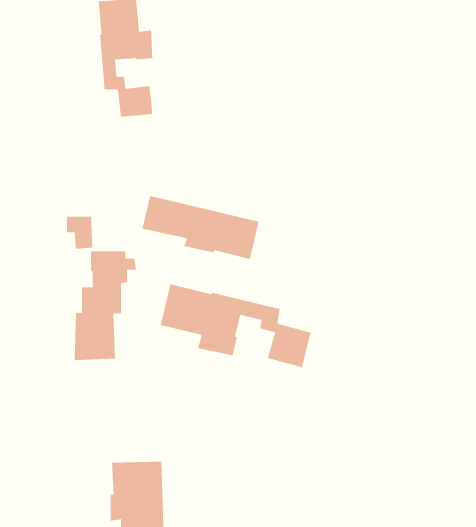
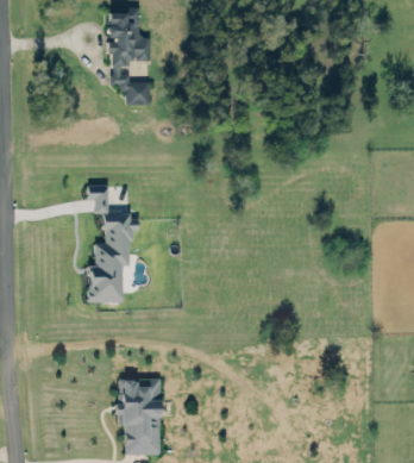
building: [142,195,259,260] -> none
building: [160,283,311,368] -> none

